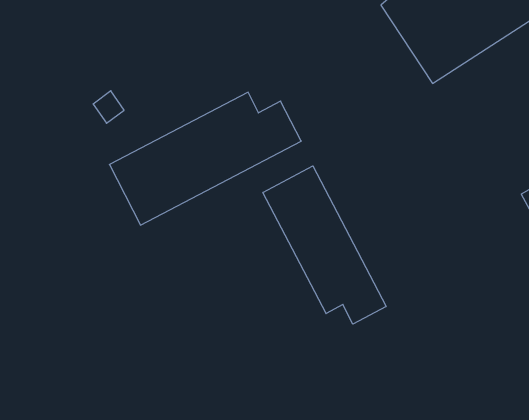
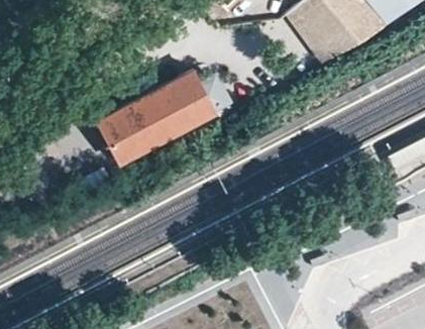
building: [263,166,386,324] -> none

